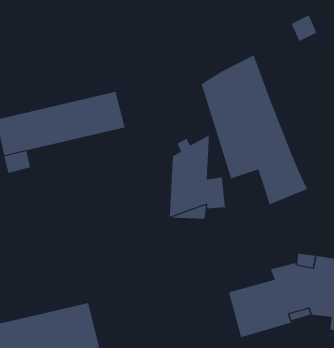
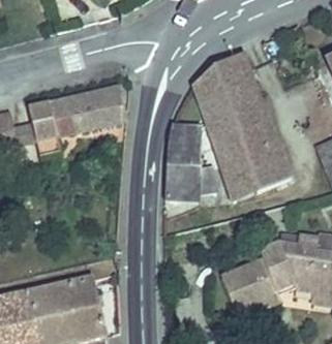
building: none -> [221,156,256,198]

